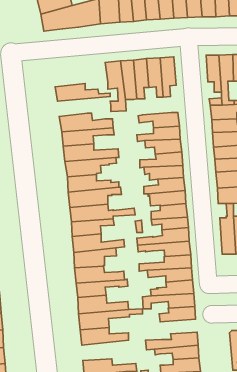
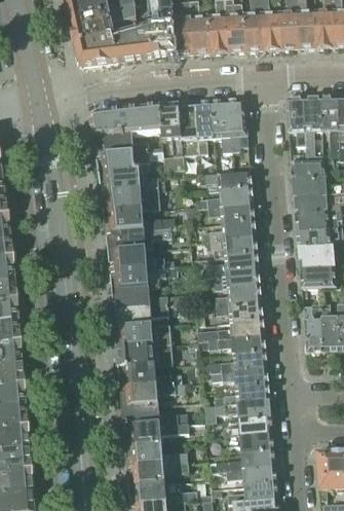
building: none -> [90,107,160,138]
building: none -> [97,150,163,176]
building: none -> [227,435,274,453]
building: none -> [127,462,189,487]

